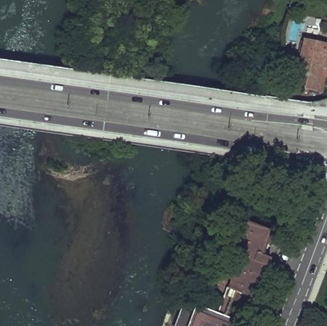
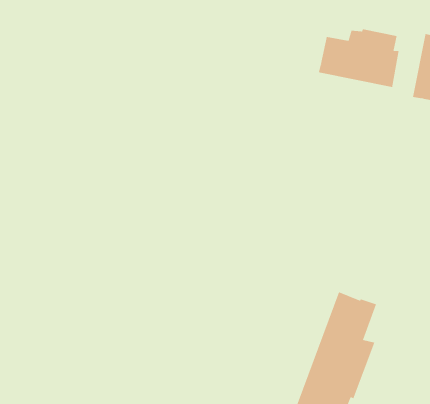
building: none -> [318,28,399,88]

